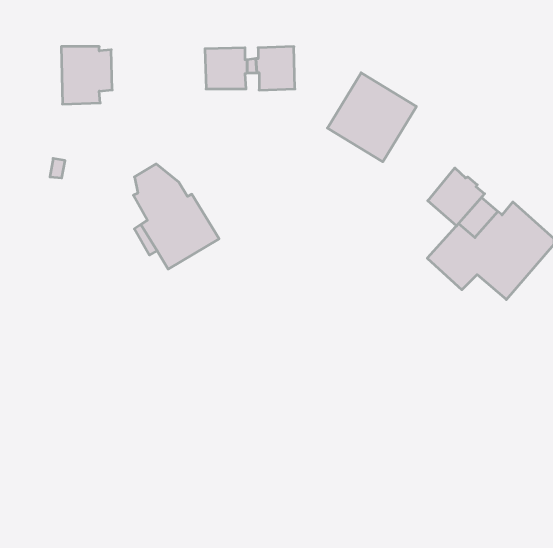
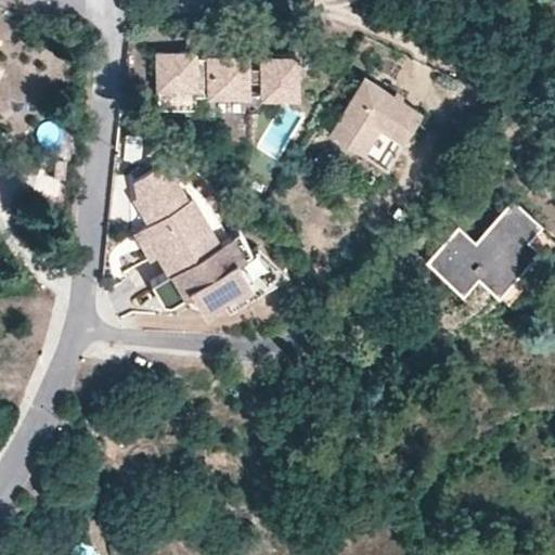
building: [61,47,112,104] -> [156,52,207,109]
building: [428,168,485,226] -> none
building: none -> [152,233,291,318]

